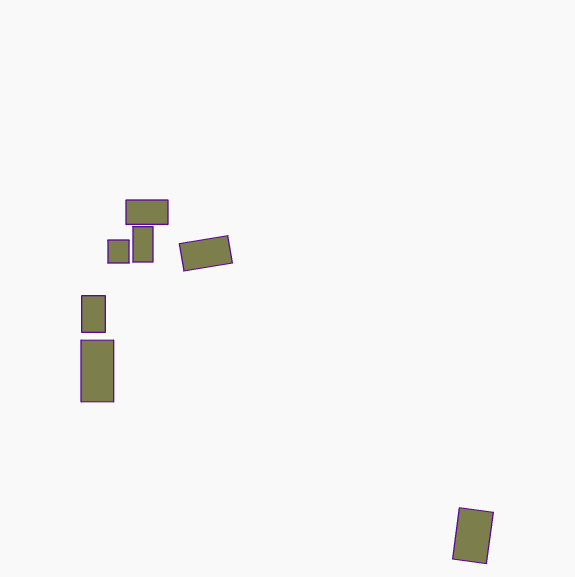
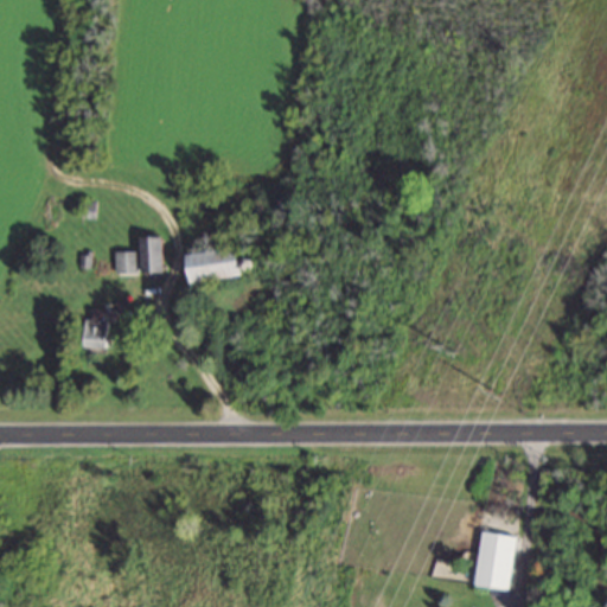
building: [126,200,168,225] -> none
building: [81,340,113,402] -> none

